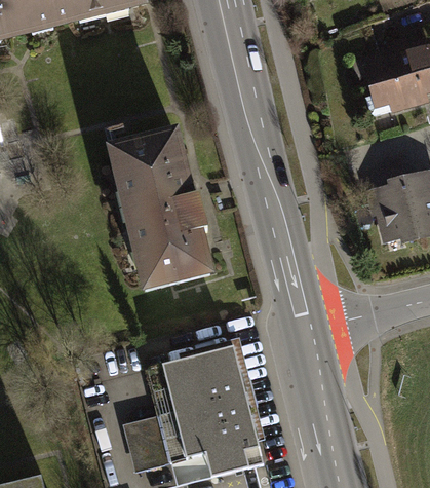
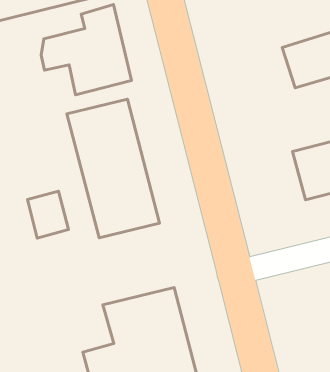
building: none -> [41,5,131,95]
building: none -> [27,191,68,238]

